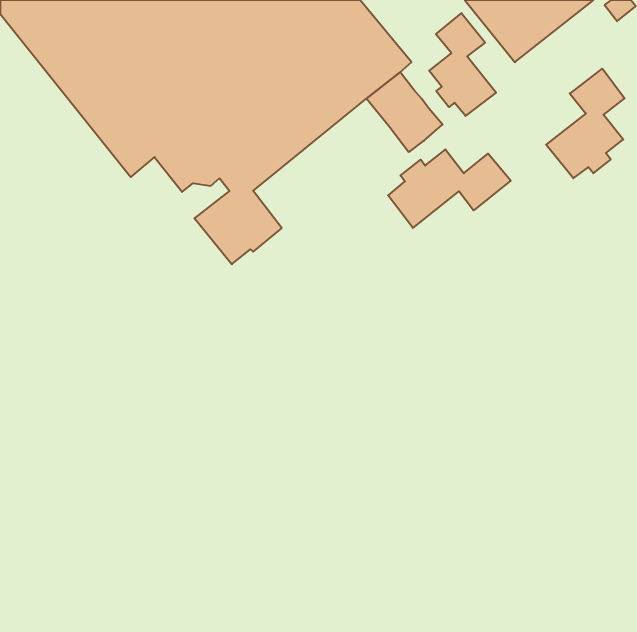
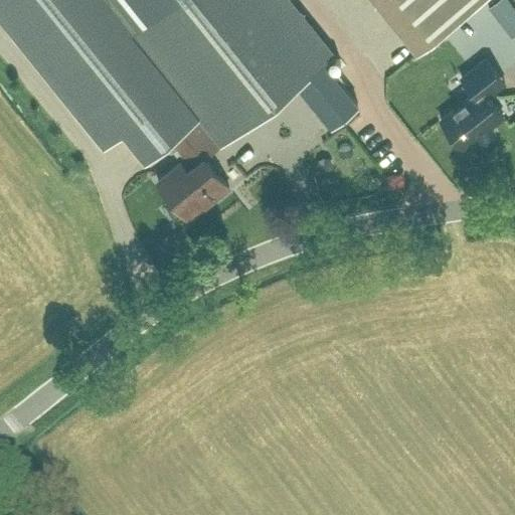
building: [429,13,496,116] -> none
building: [388,149,511,228] -> none

